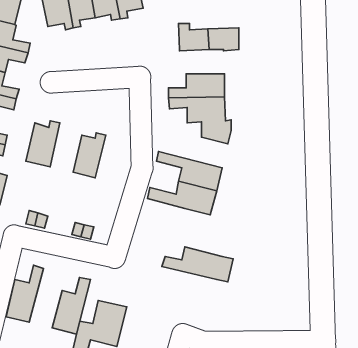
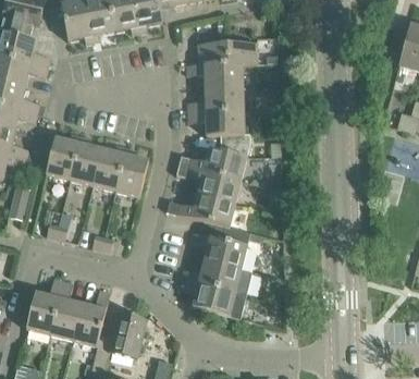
building: none -> [187,63,244,87]
building: none -> [71,136,102,185]
building: none -> [178,147,247,181]
building: none -> [115,148,149,197]
building: none -> [192,221,250,269]
building: none -> [180,279,247,318]
building: none -> [50,281,83,340]

